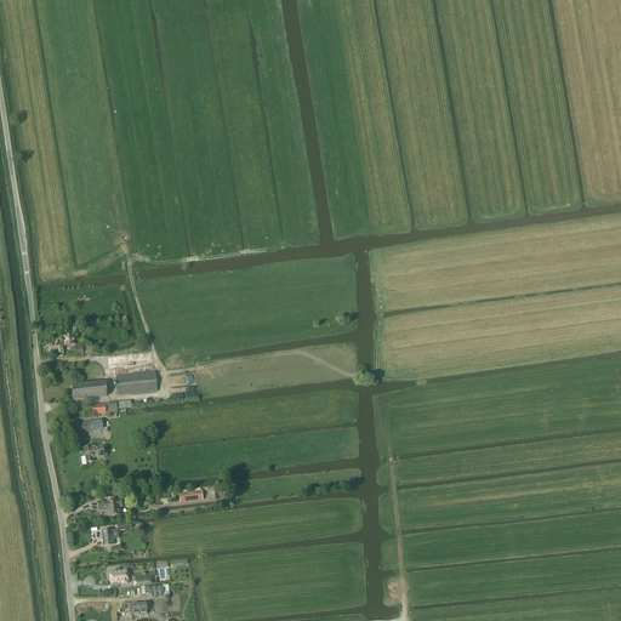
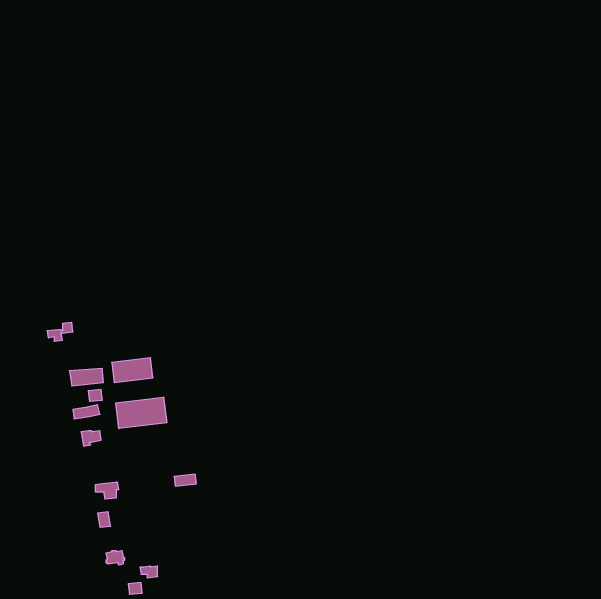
building: none -> [116,397,167,429]

